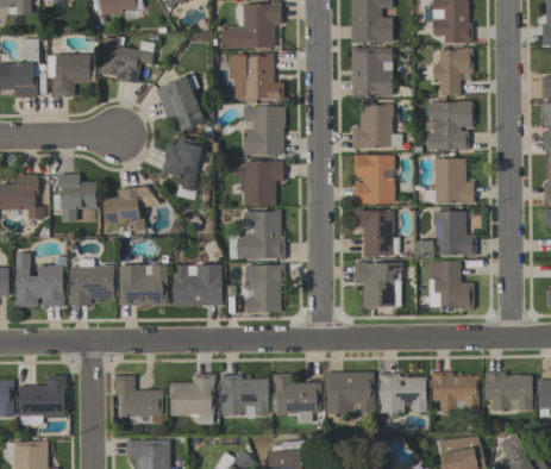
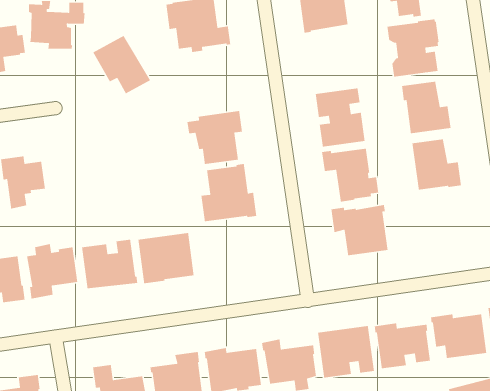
building: [352,104,401,149] -> none
building: [244,106,286,155] -> none
building: [162,138,205,192] -> none
building: [102,186,161,233] -> none
building: [428,262,474,309] -> none
building: [246,264,284,313] -> none

